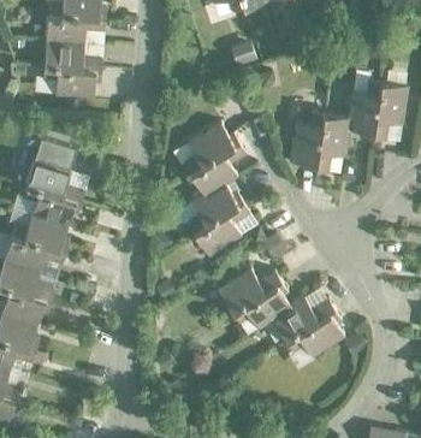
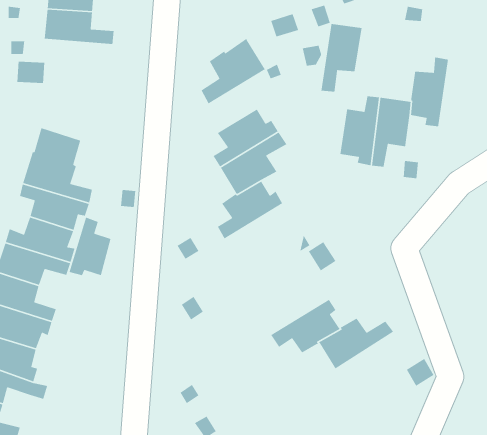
building: none -> [201,38,266,105]
building: [42,66,100,97] -> none
building: [372,83,407,141] -> [321,23,362,92]
building: [192,203,249,256] -> none
building: none -> [69,217,112,276]
building: [218,271,280,313] -> none
building: [285,310,343,357] -> none

